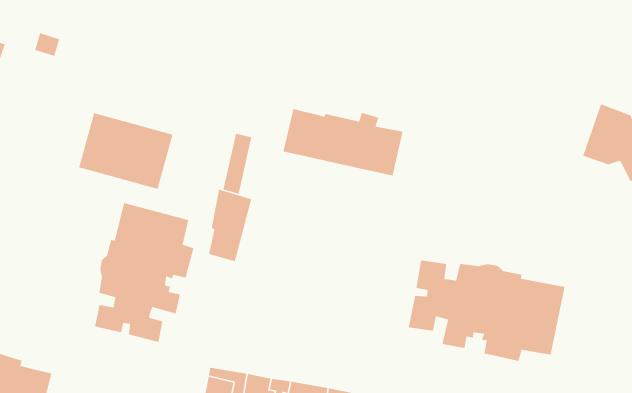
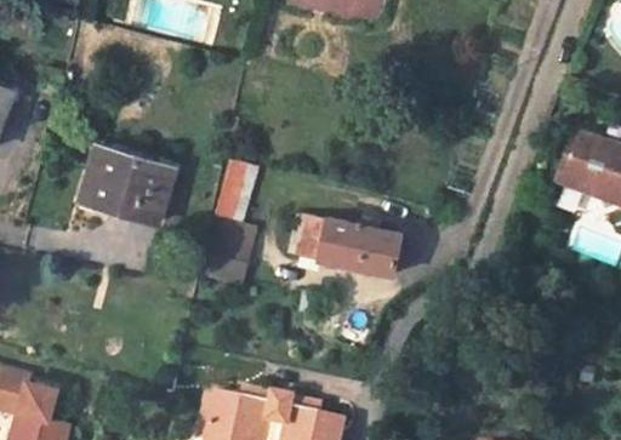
building: [282,108,404,176] -> [291,212,405,276]
building: [94,202,194,343] -> none
building: [408,260,565,362] -> none

